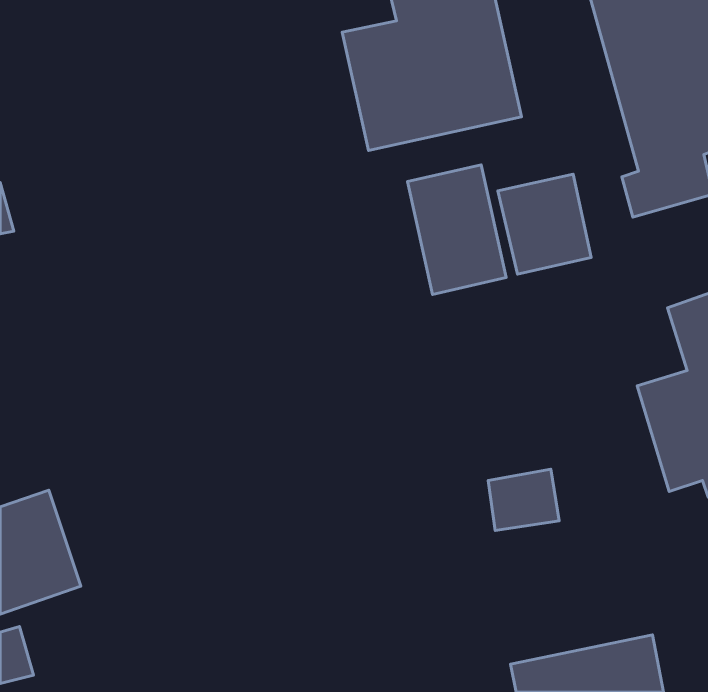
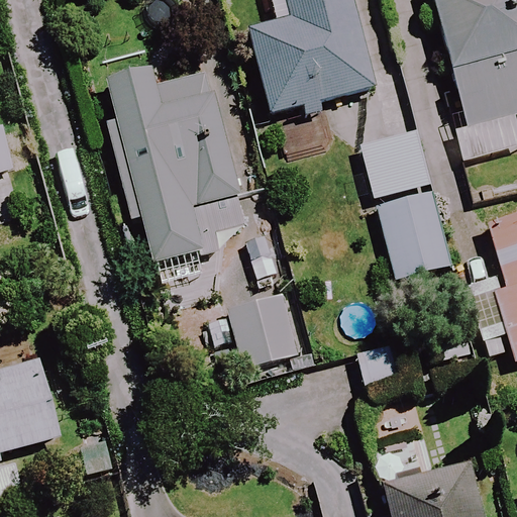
building: none -> [115,92,248,263]
building: [407,165,506,294] -> [378,187,449,281]
building: none -> [229,299,298,365]

